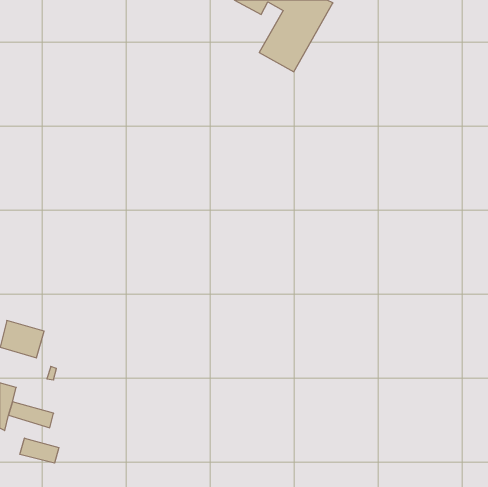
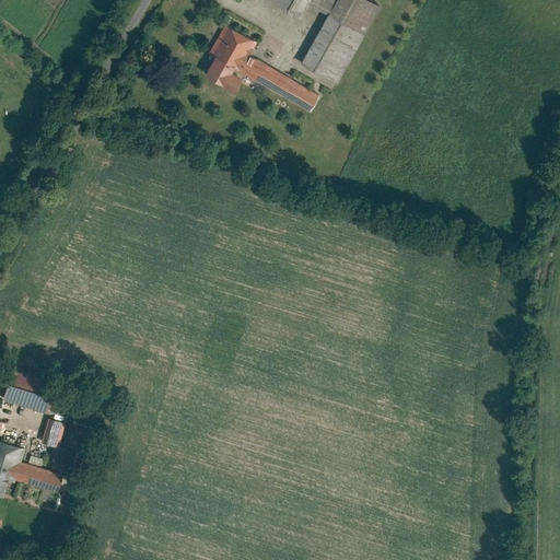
building: none -> [200,24,318,113]
building: [20,438,59,463] -> none

